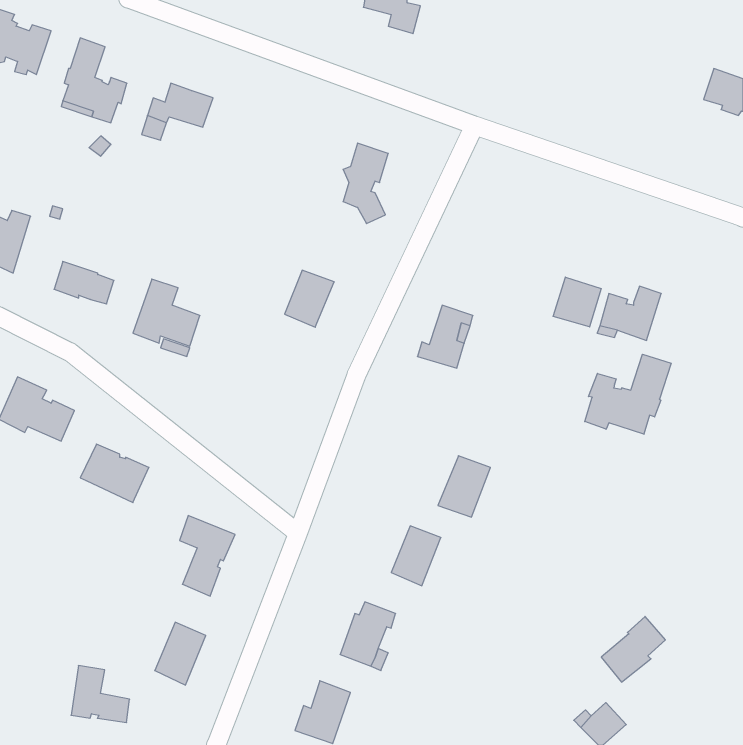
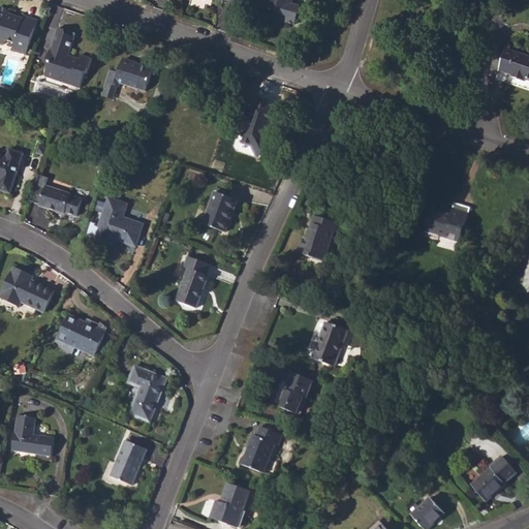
building: [553,277,601,327] -> none
building: [585,354,671,434] -> none
building: none -> [176,255,209,307]
building: [601,616,665,682] -> [470,455,516,501]
building: [71,666,130,723] -> [11,414,53,455]

